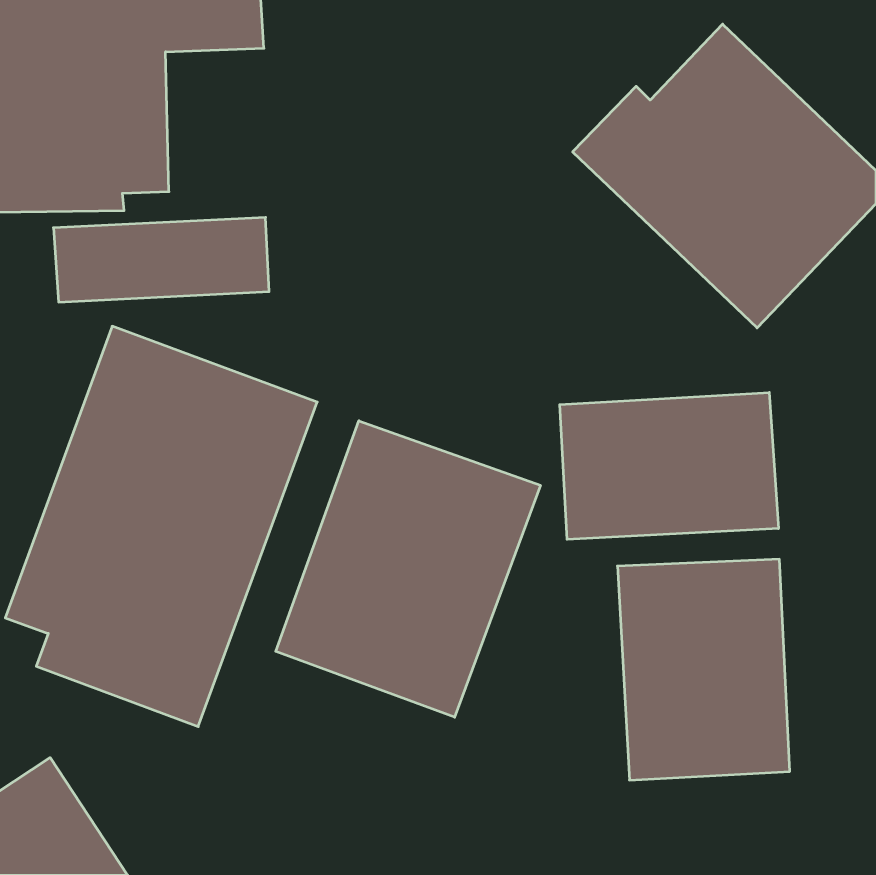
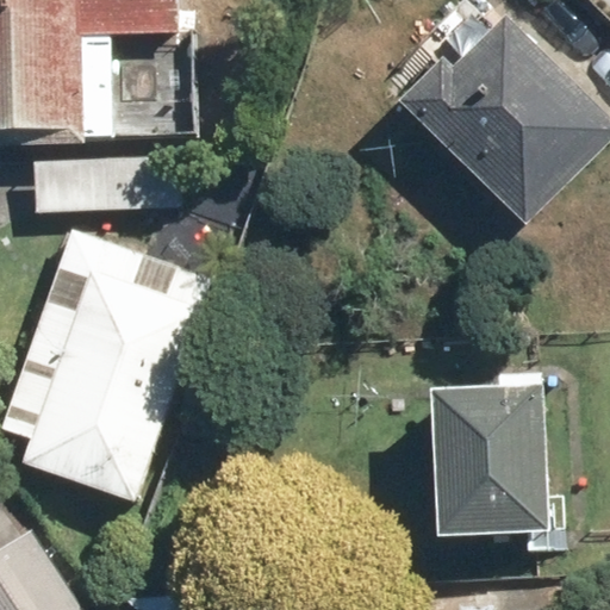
building: [560,392,778,539] -> none
building: [276,421,540,717] -> none

